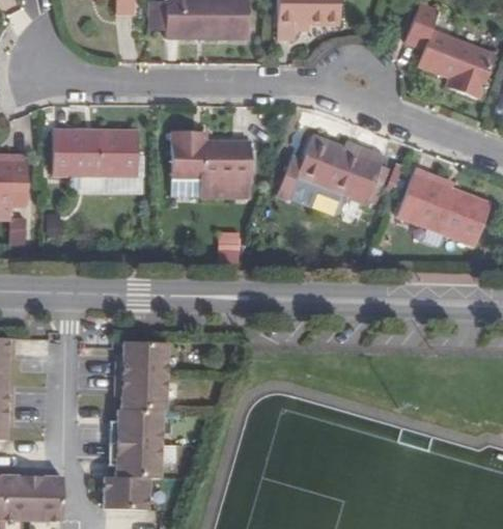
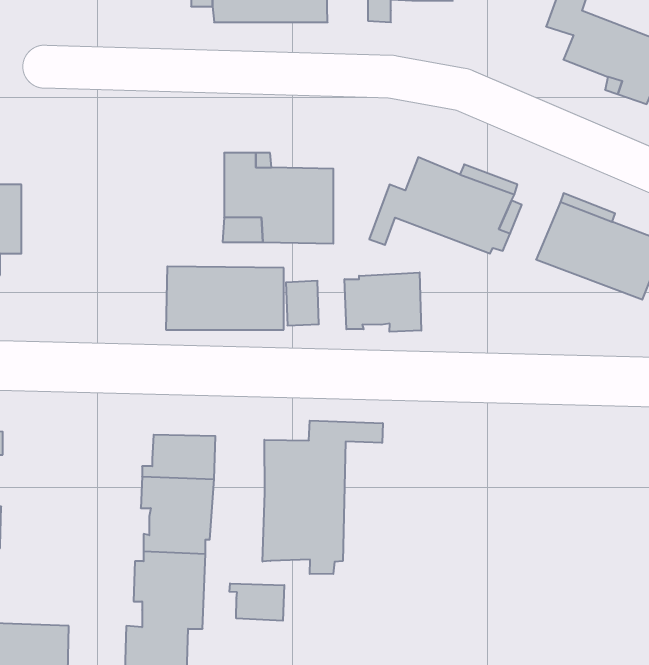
building: [53,132,138,177] -> [166,266,284,330]
building: none -> [345,272,421,332]
building: none -> [263,421,383,574]
building: none -> [229,583,284,621]

